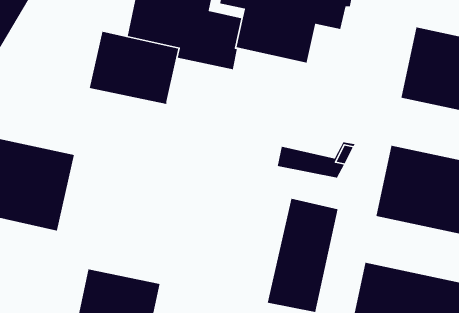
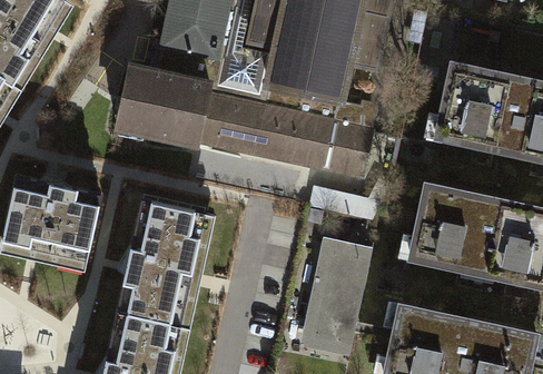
building: none -> [196,85,374,175]
building: none -> [115,198,214,326]

